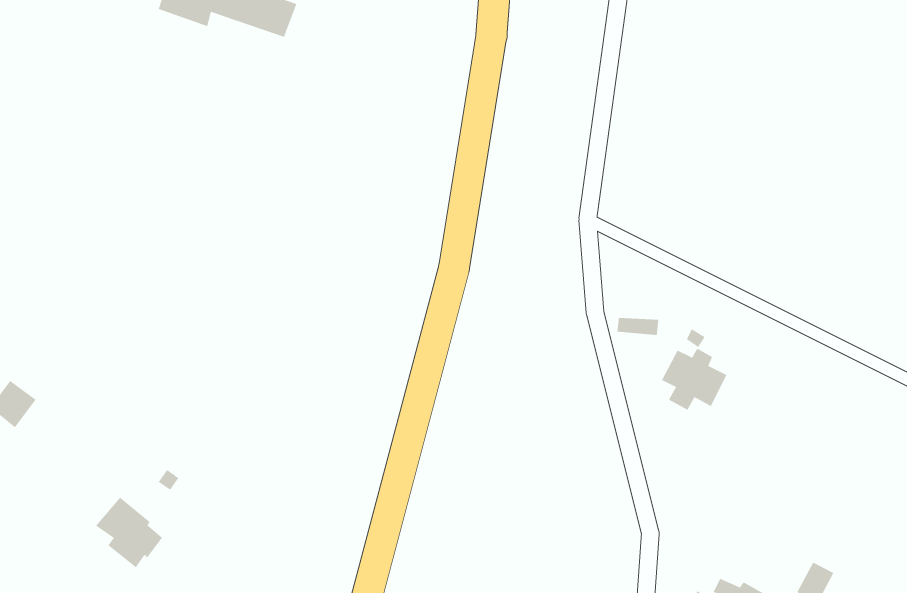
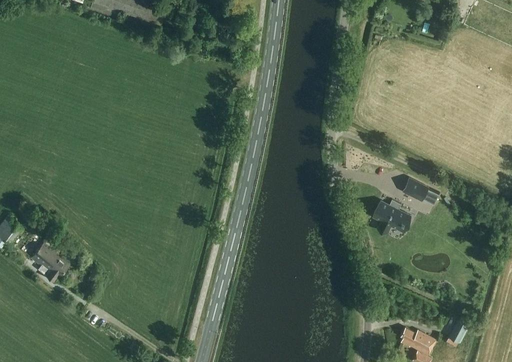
building: none -> [401,177,429,202]
building: [95,497,163,568] -> [31,242,69,282]

